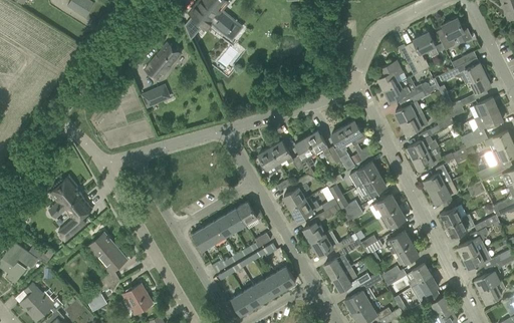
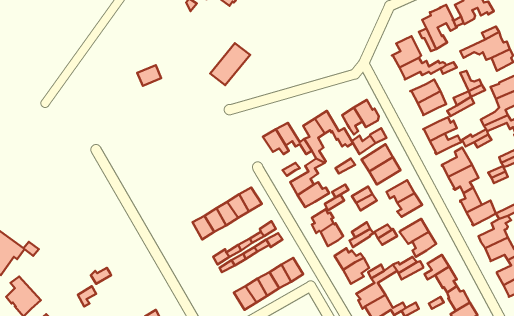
building: [144,42,181,81] -> [210,43,250,85]
building: [49,177,92,243] -> none
building: [88,234,126,272] -> none
building: [123,286,152,314] -> none

